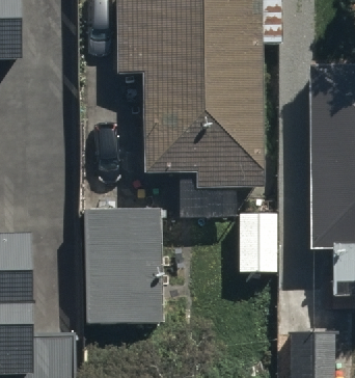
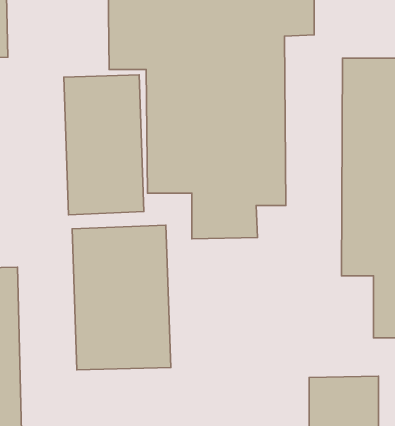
building: none -> [64,75,144,215]

